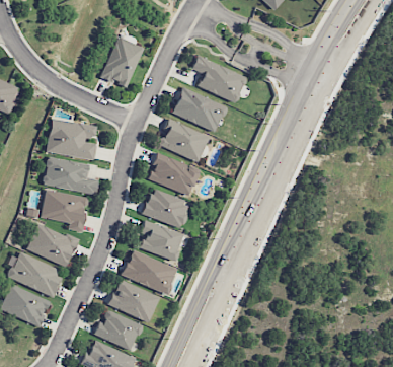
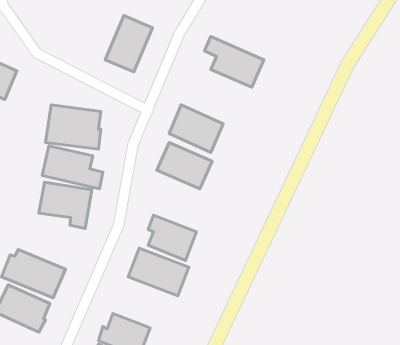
building: [172,86,227,133] -> none
building: [144,190,190,227] -> none
building: [27,223,78,266] -> none
building: [109,280,159,321] -> none

